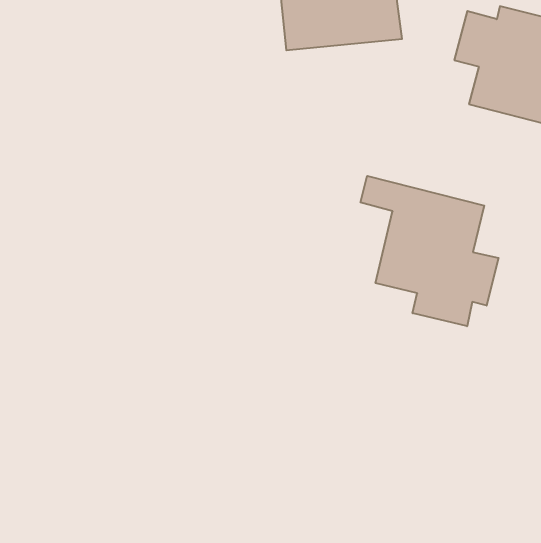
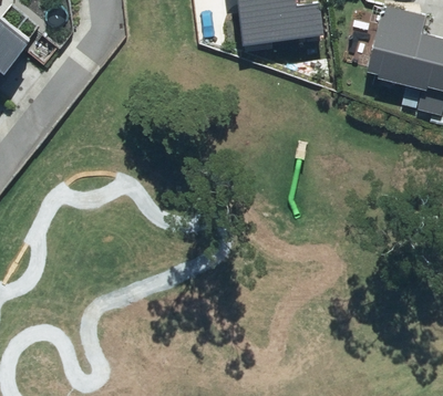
building: [361,176,499,326] -> none

